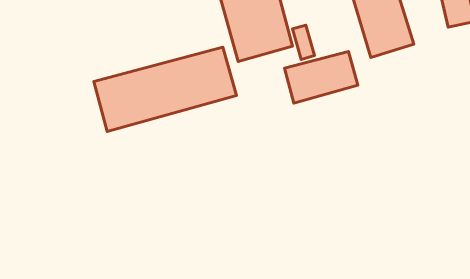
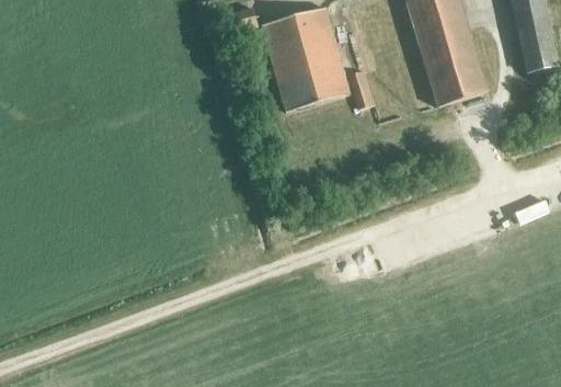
building: [94,47,237,132] -> none
building: [284,52,358,103] -> none

